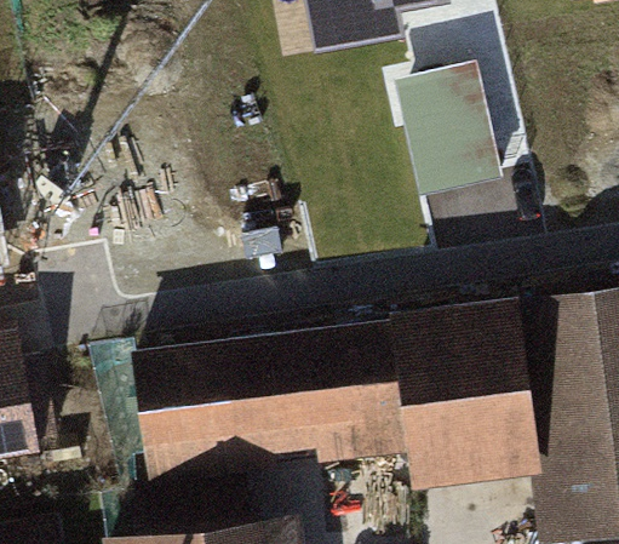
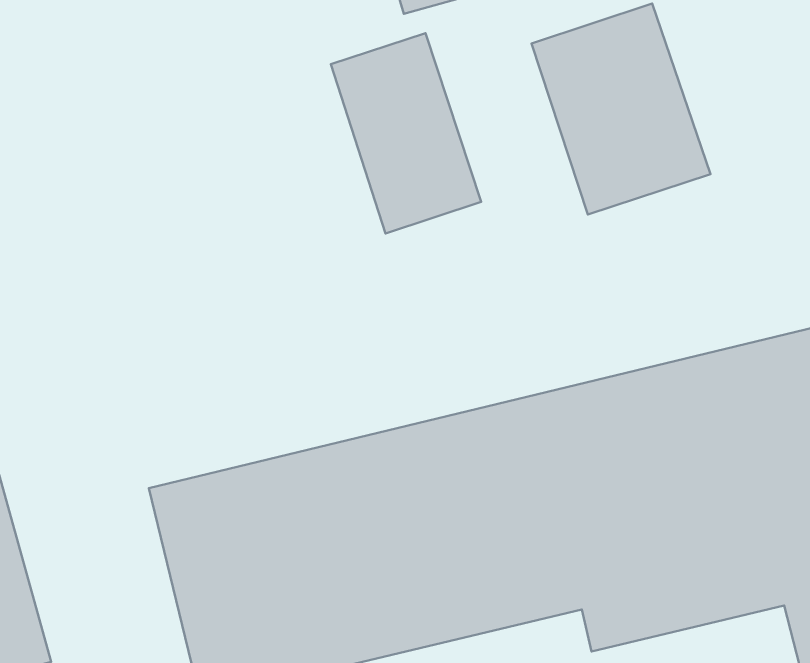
building: none -> [331,33,481,233]

